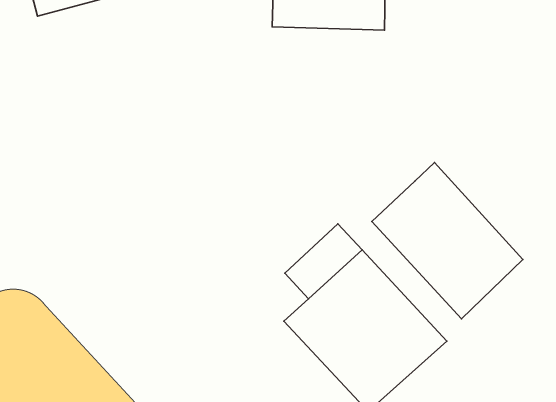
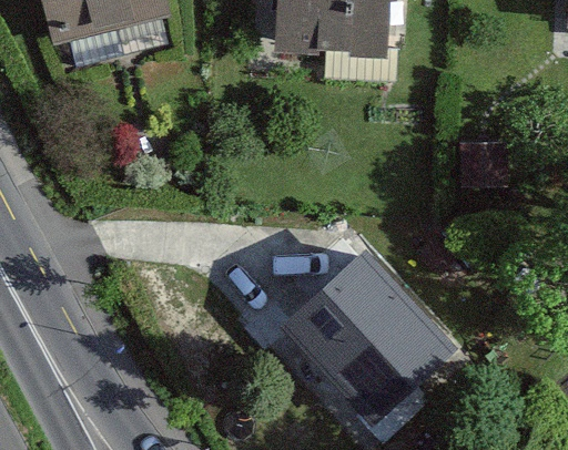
building: [372,163,523,319] -> none

